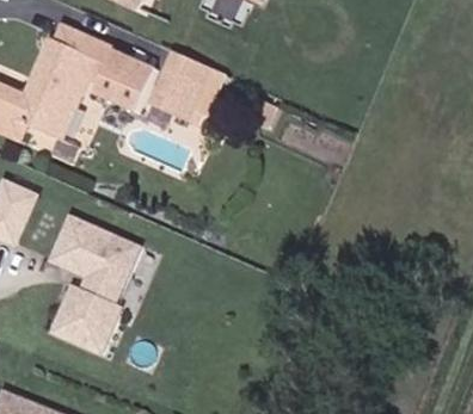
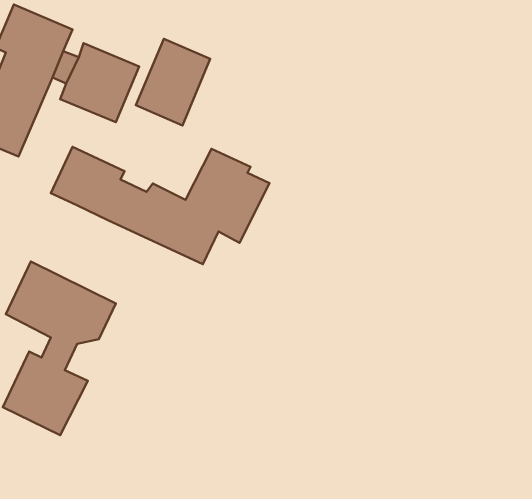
building: none -> [51,147,270,264]

